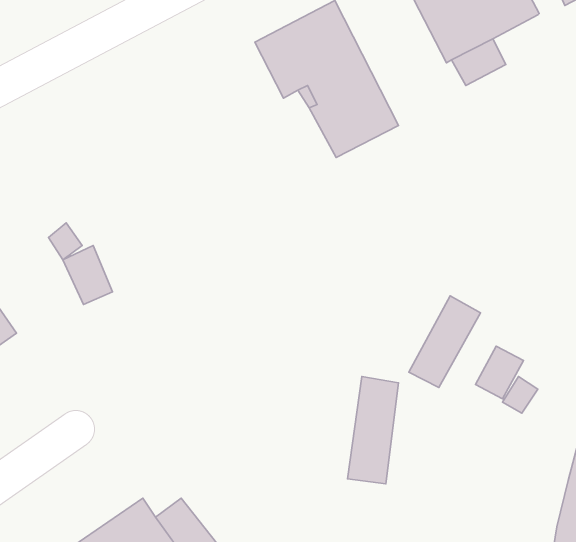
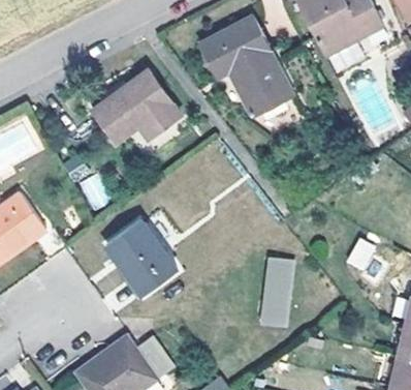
building: none -> [93,70,182,142]
building: [409,296,481,387] -> none
building: none -> [106,218,178,295]

